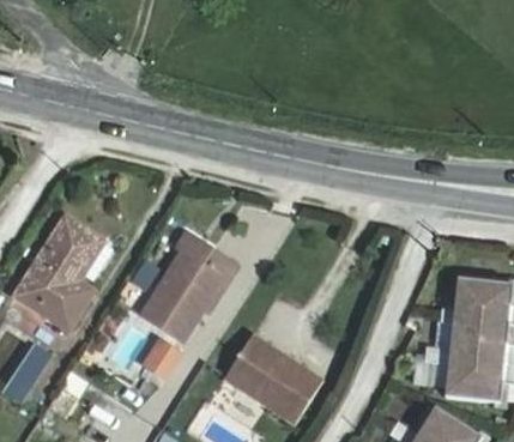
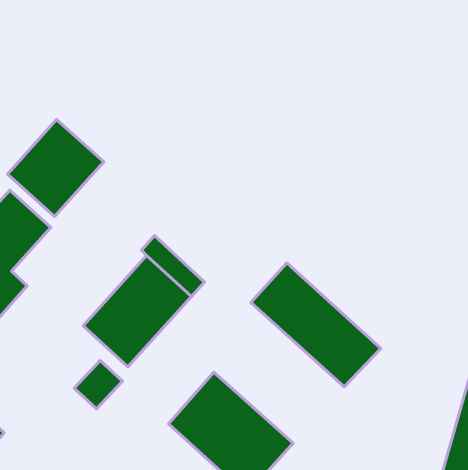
building: none -> [7,120,104,216]
building: none -> [251,263,381,387]

